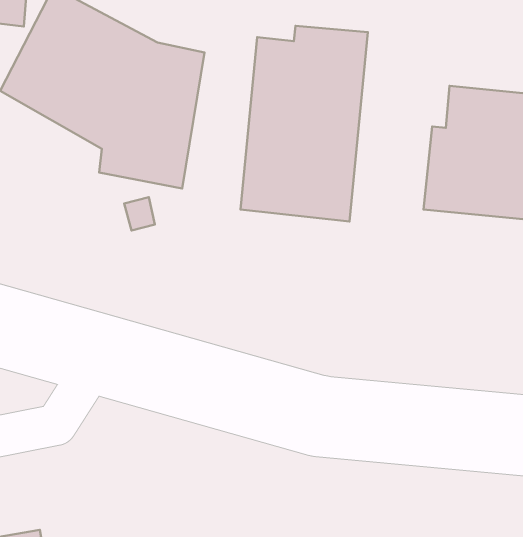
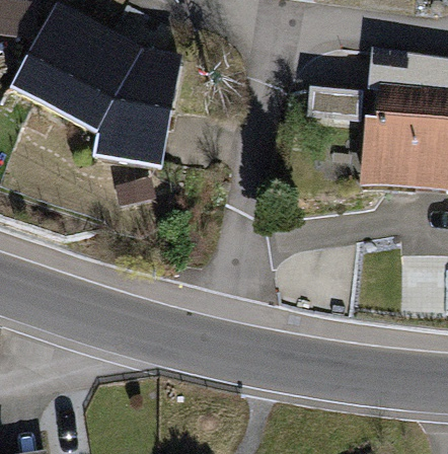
building: [241,26,368,221] -> none

